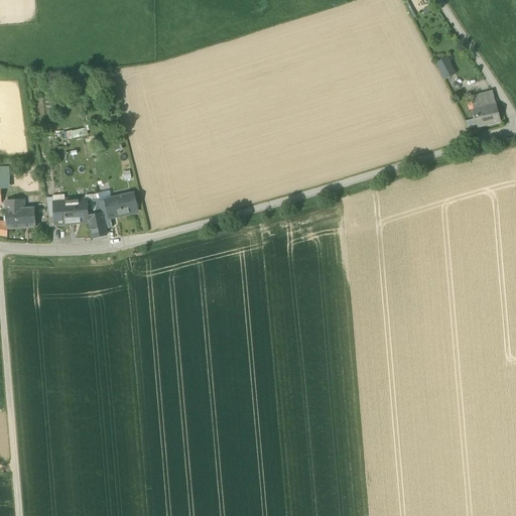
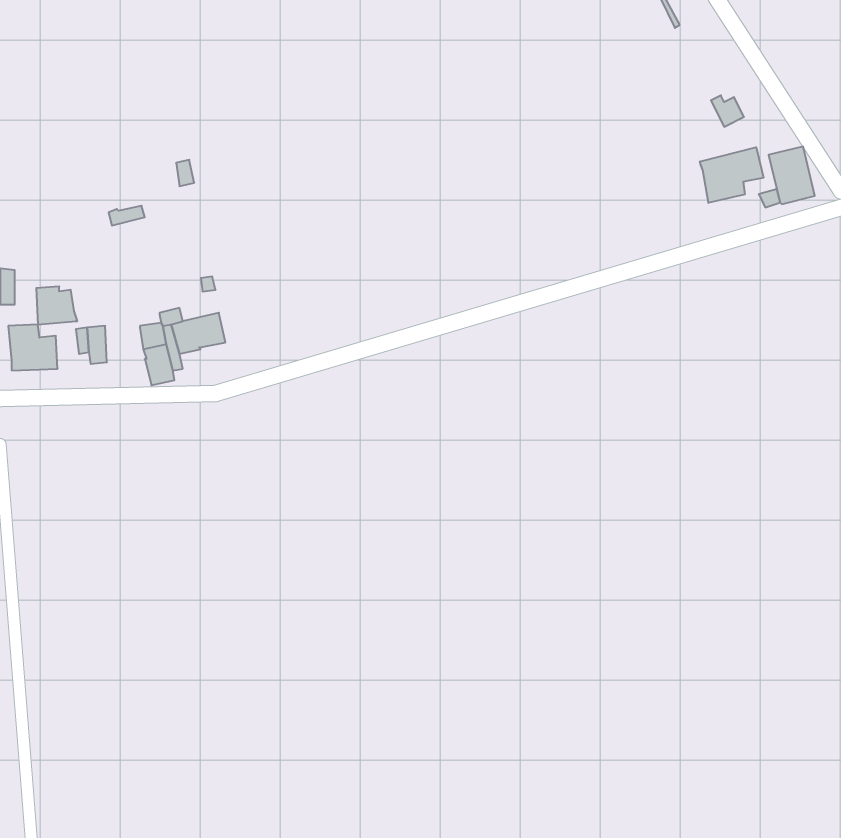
building: none -> [700,147,763,203]
building: [64,199,90,222] -> [36,286,77,324]

